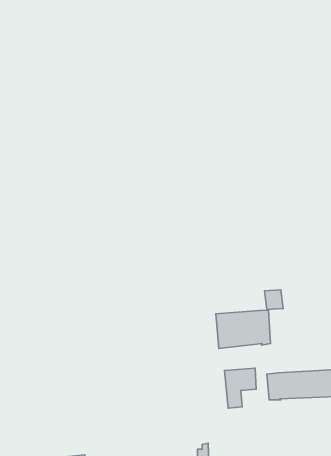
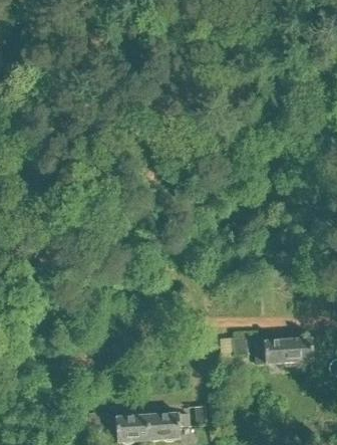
building: [216,310,270,348] -> none

